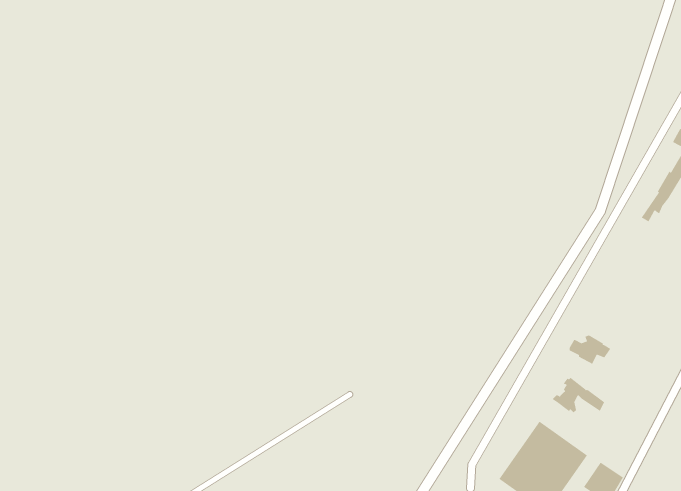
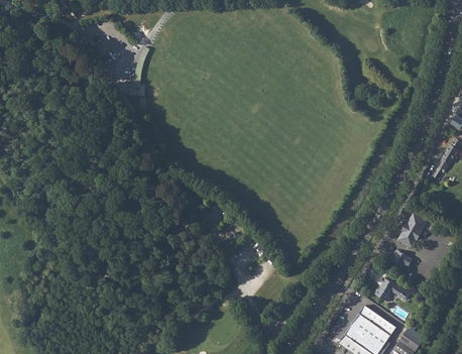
building: none -> [399,214,426,246]

